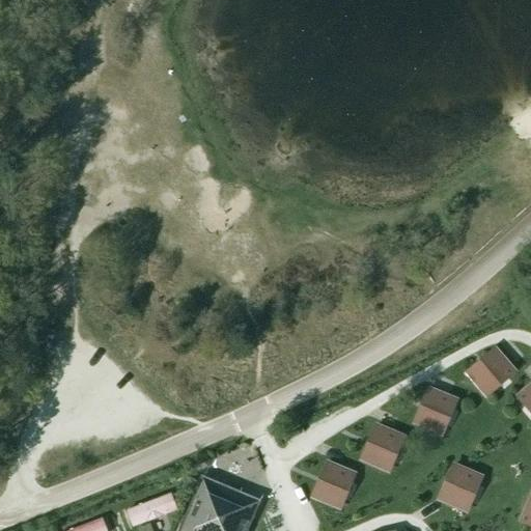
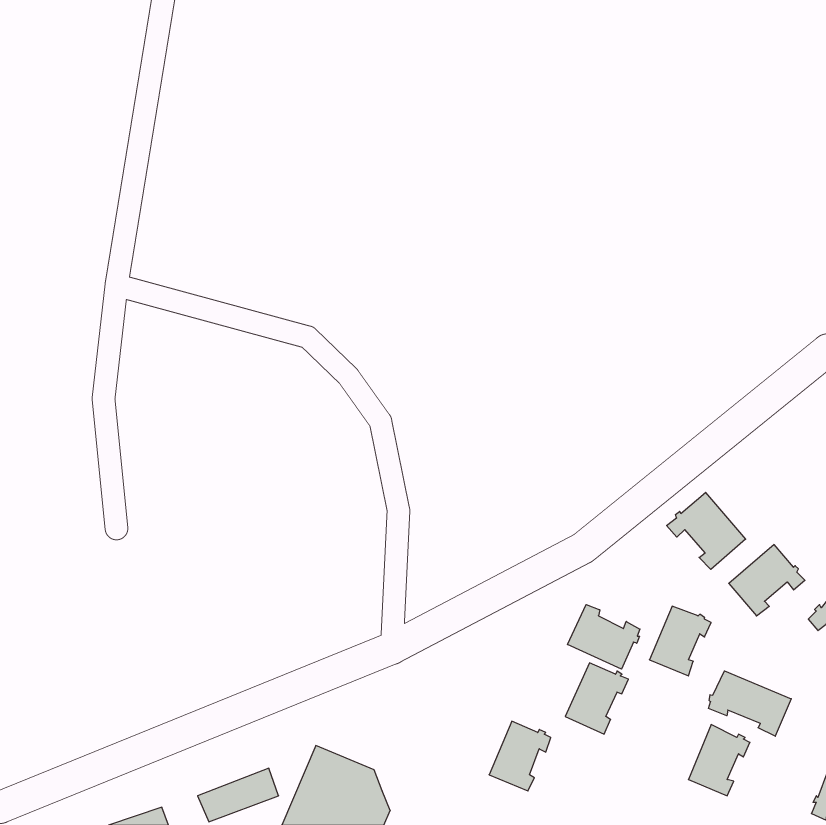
building: none -> [667,492,746,569]
building: none -> [568,605,640,669]
building: none -> [708,671,791,736]

